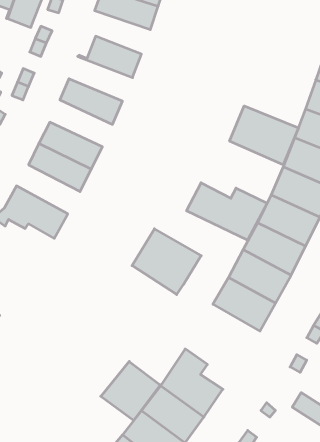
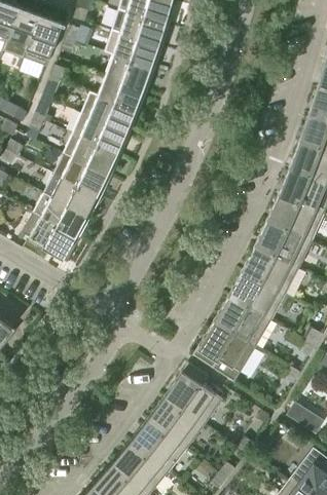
building: none -> [104,49,155,89]
building: none -> [80,91,139,132]
building: none -> [63,131,120,175]
building: [230,106,298,165] -> none
building: none -> [32,191,90,236]
building: [187,183,267,240] -> none
building: [132,229,201,295] -> [192,319,256,380]
building: [101,361,160,421] -> none

